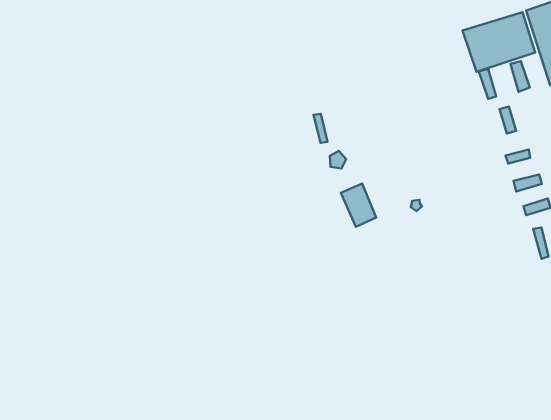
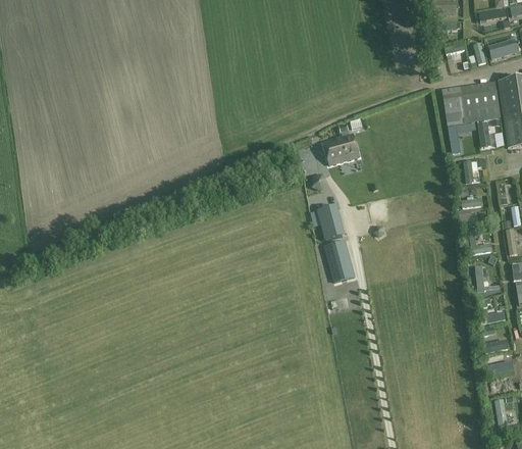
building: none -> [324,123,360,163]
building: none -> [325,244,353,284]

